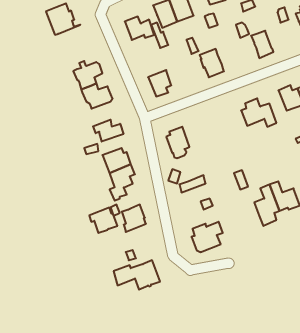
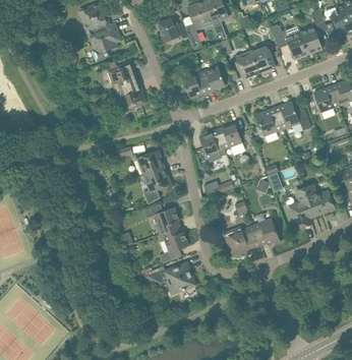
building: none -> [89,26,119,55]
building: none -> [300,26,322,54]
building: none -> [250,45,276,73]
building: none -> [200,65,226,91]
building: none -> [256,110,282,135]
building: [93,120,123,142] -> none
building: none -> [217,124,242,149]
building: [89,208,117,233] -> [160,227,188,252]
building: none -> [253,218,280,245]

